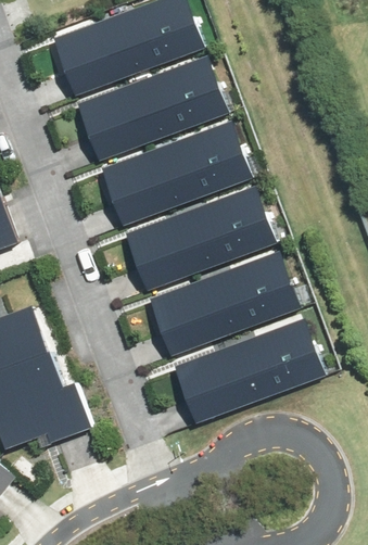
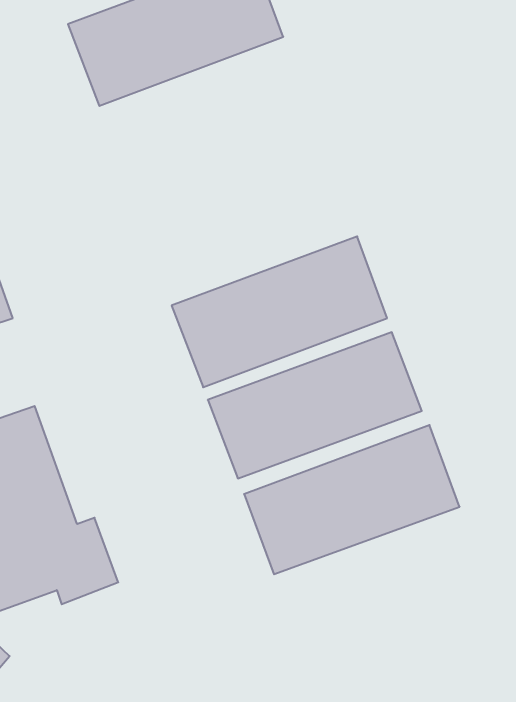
building: [78,58,228,161] -> none
building: [102,123,252,226] -> none

